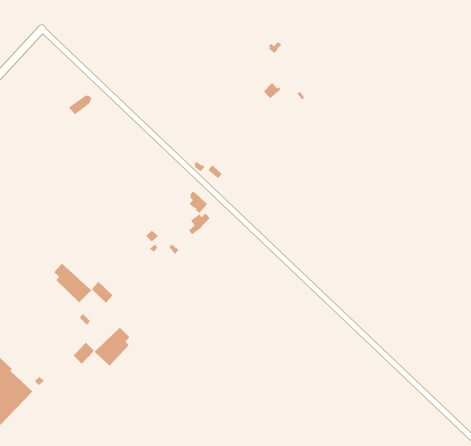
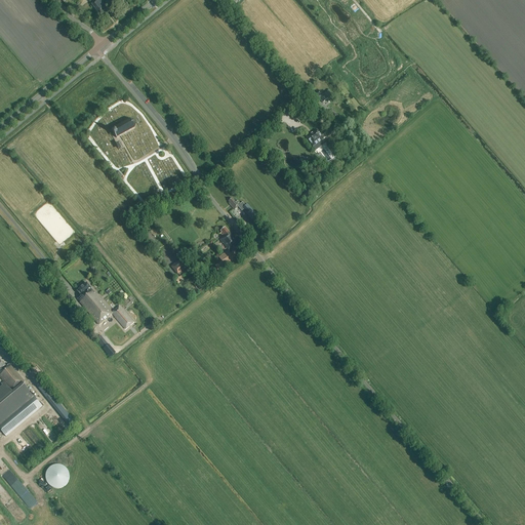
building: [73,327,130,367] -> none

